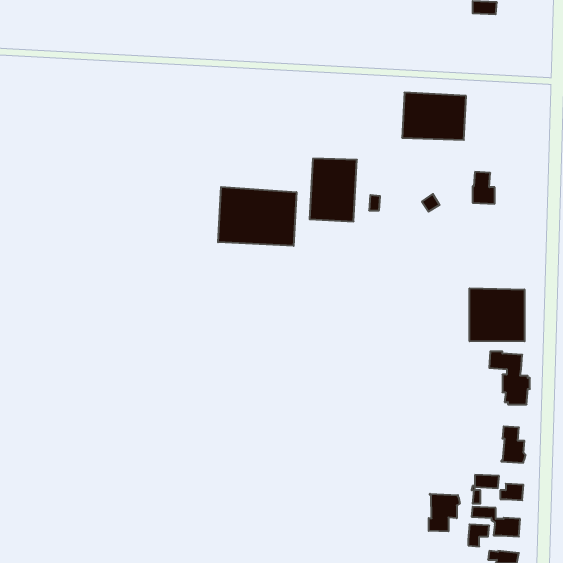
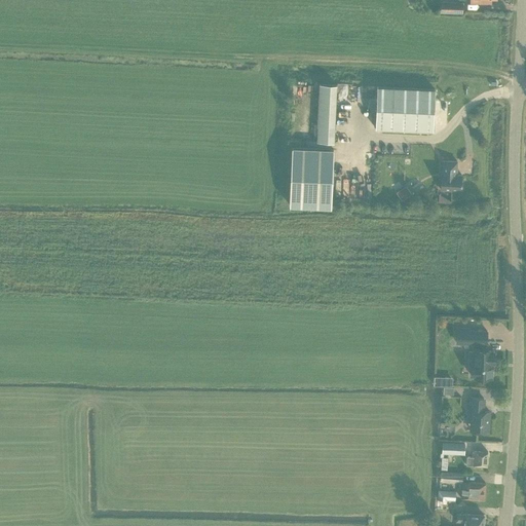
building: none -> [316,84,336,143]
building: [218,187,296,246] -> none
building: [470,288,525,341] -> none
building: [429,494,460,531] -> none

